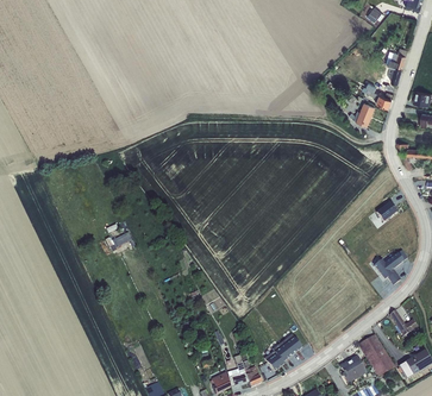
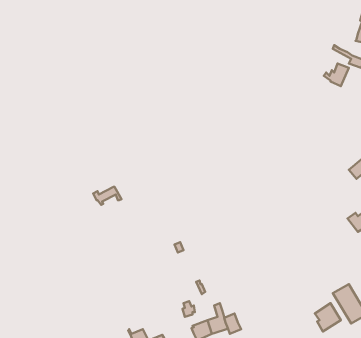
building: [265,334,302,371] -> none

